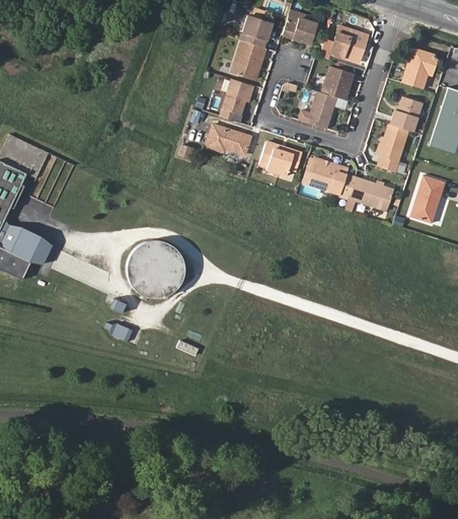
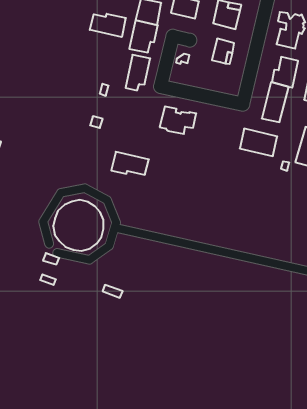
building: none -> [90,14,126,37]
building: [296,89,334,127] -> none
building: [207,125,251,154] -> [111,152,149,175]
building: [308,158,355,198] -> none

